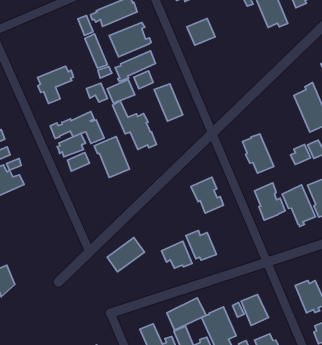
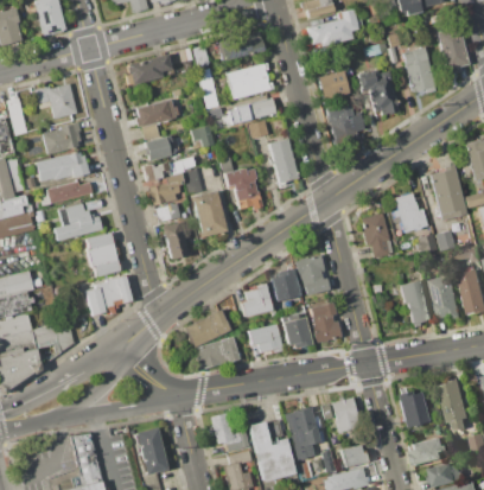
building: none -> [357,70,399,114]
building: none -> [126,53,171,84]
building: none -> [327,103,361,148]
building: [107,79,135,103] -> [145,135,176,160]
building: none -> [394,192,421,231]
building: none -> [164,223,187,259]
building: [254,183,285,220] -> [310,301,342,343]
building: none -> [87,233,120,276]
building: none -> [270,268,300,301]
building: none -> [241,282,272,316]
building: none -> [85,275,130,314]
building: [167,298,206,330] -> [193,336,238,369]

